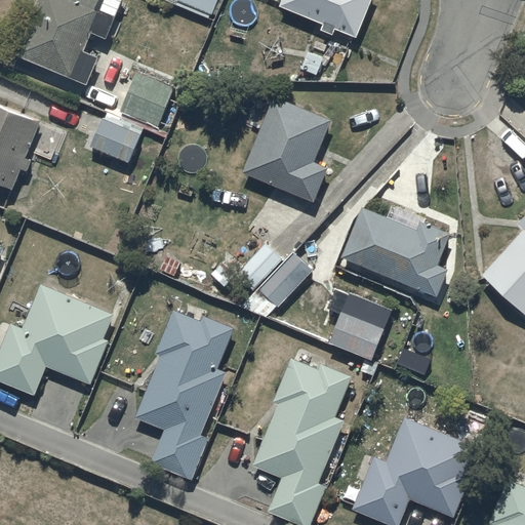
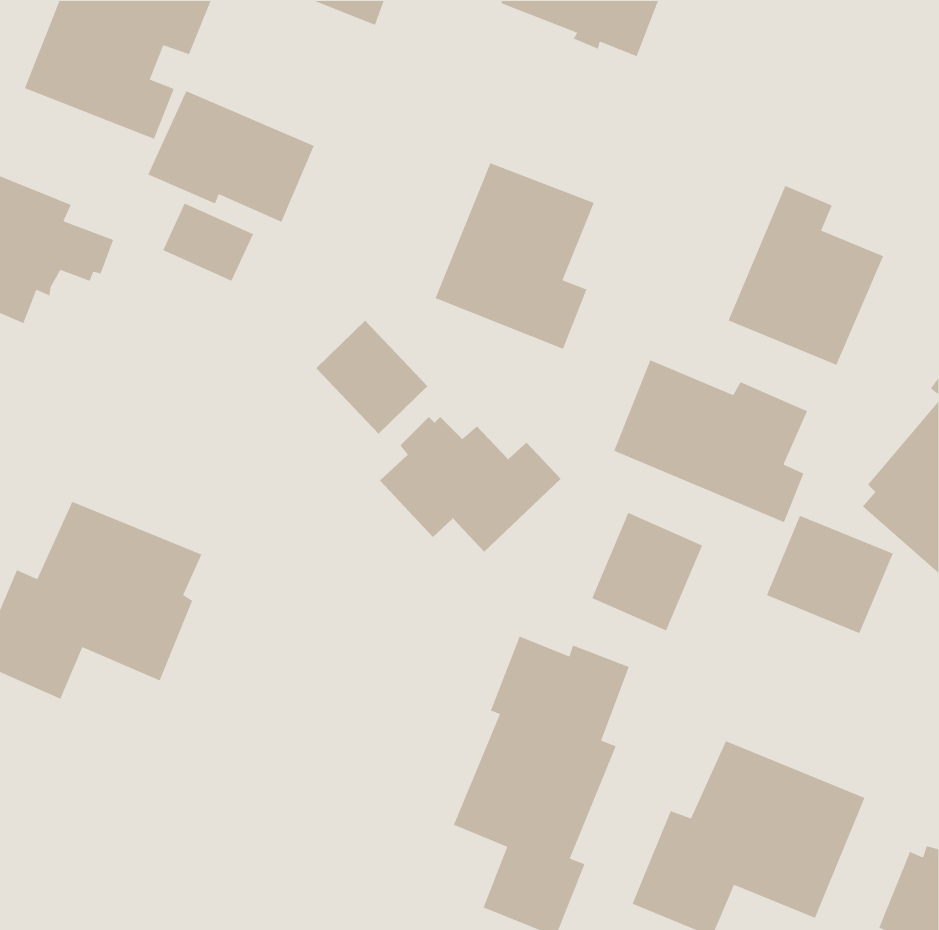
building: none -> [728,185,884,366]
building: none -> [316,320,428,434]
building: none -> [766,515,894,634]
building: [136,308,234,485] -> none

